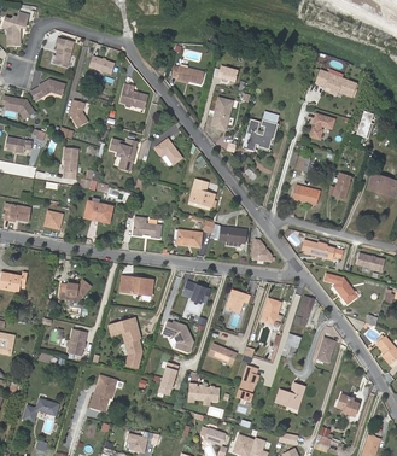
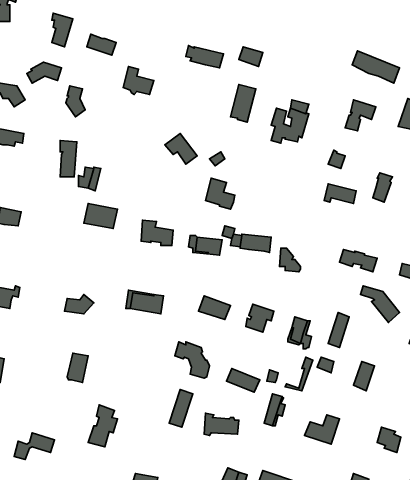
building: [109,138,136,171] -> none
building: [110,316,144,367] -> none

